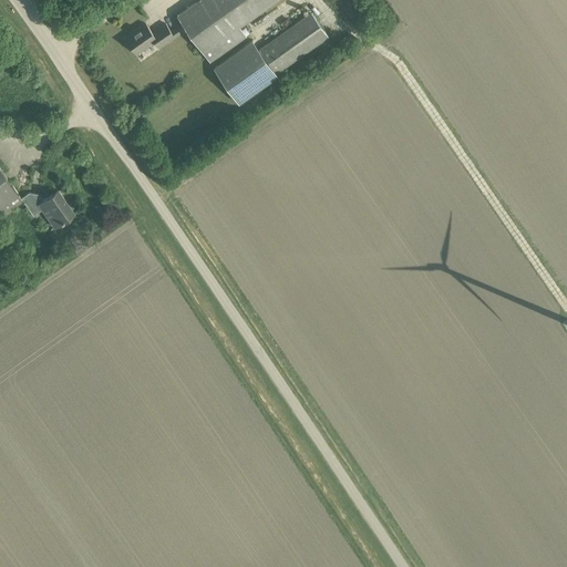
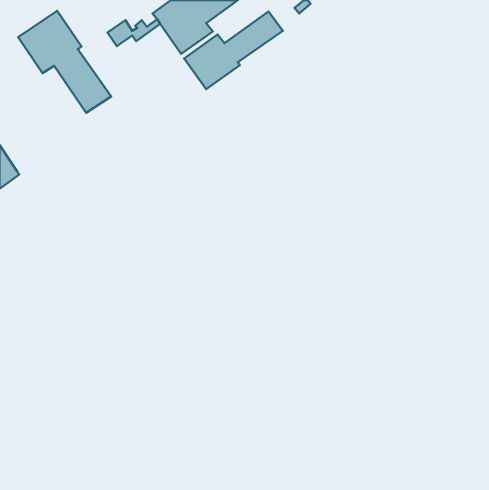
building: none -> [18,11,111,113]
building: [20,190,73,227] -> none

